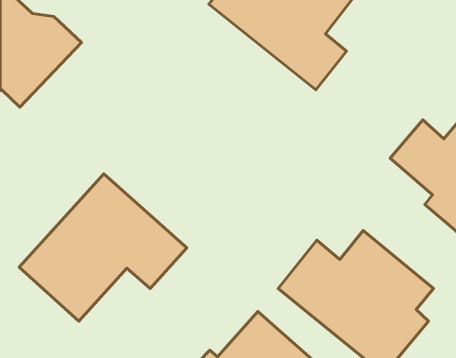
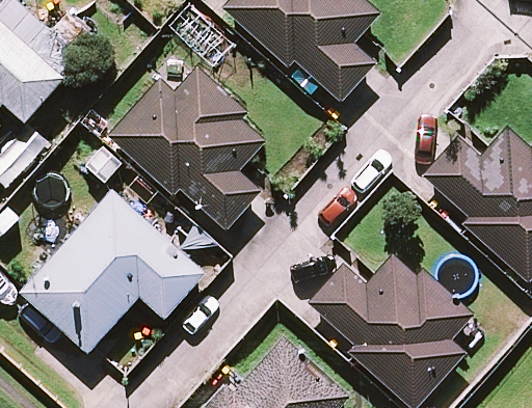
building: none -> [108,72,269,229]

